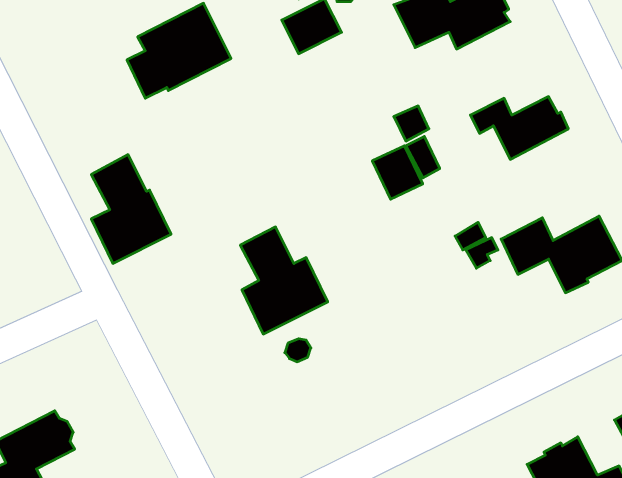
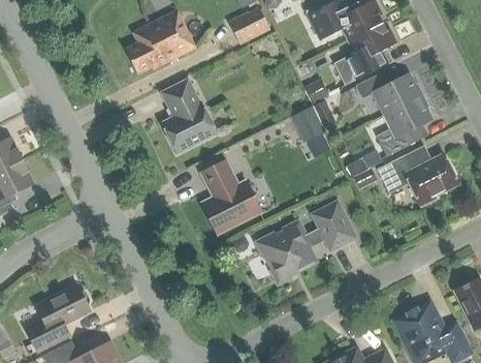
building: none -> [333,22,396,85]
building: none -> [376,94,432,155]
building: [91,155,171,263] -> [162,79,216,152]
building: none -> [256,200,356,283]

